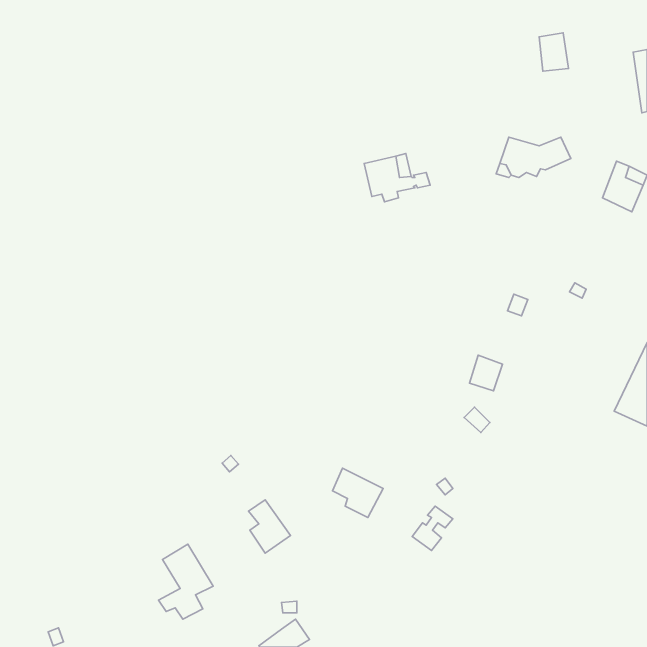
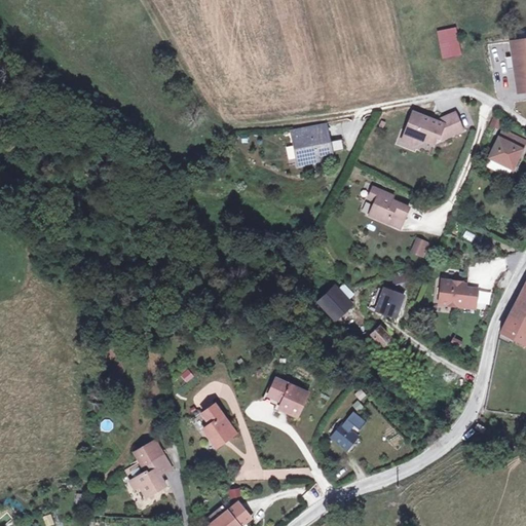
building: none -> [367,187,408,228]
building: none -> [438,280,474,307]
building: none -> [323,287,349,314]

